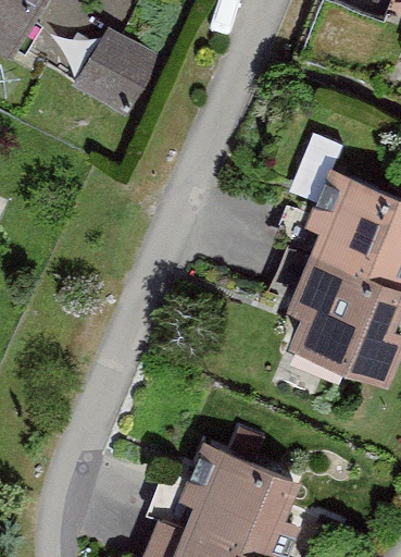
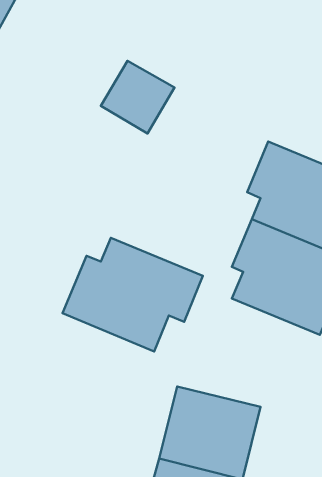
building: [72,29,155,112] -> [101,61,174,134]
building: none -> [62,238,203,351]

